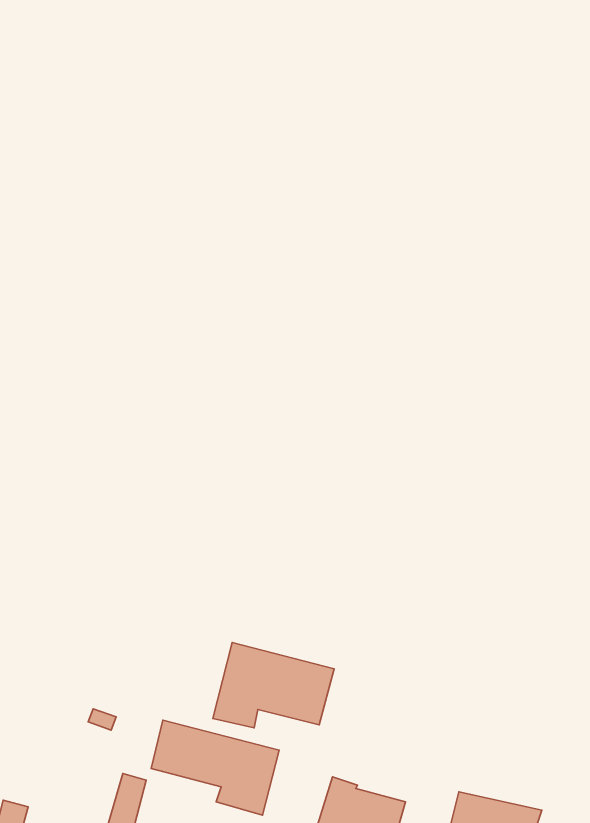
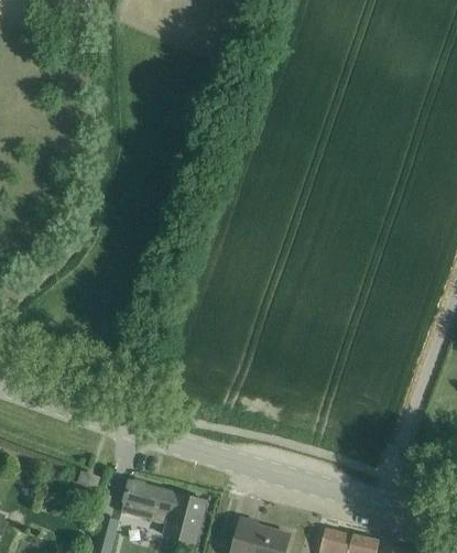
building: [213,643,334,728] -> none

